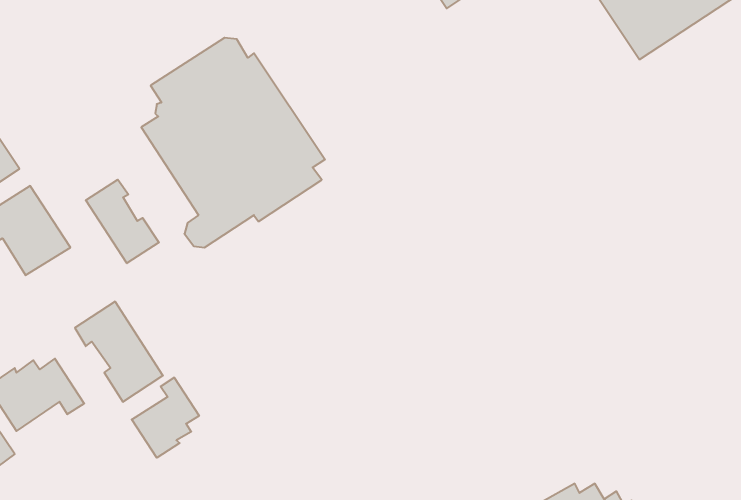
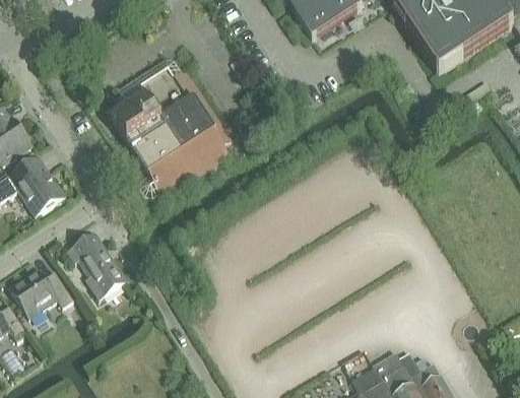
building: [86,180,159,263] -> none
building: [132,377,199,458] -> none

